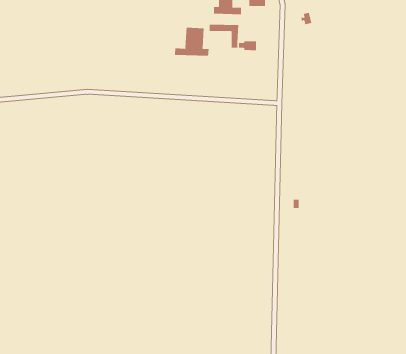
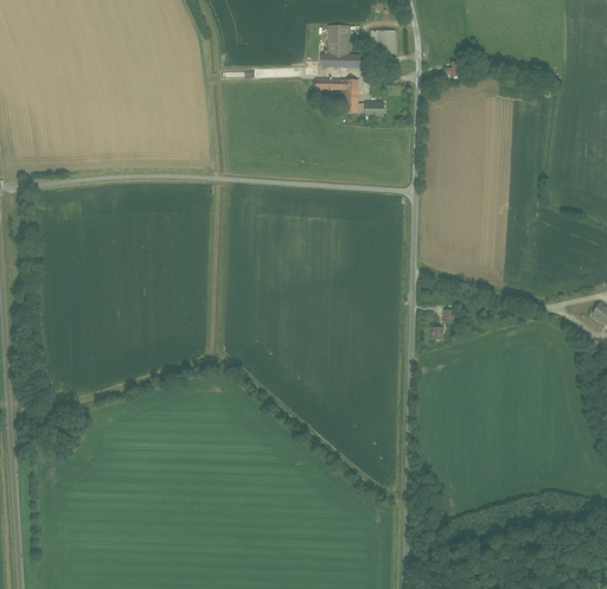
building: [174,27,209,56] -> none

